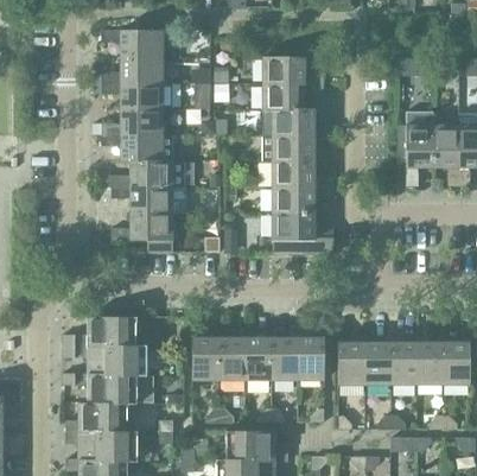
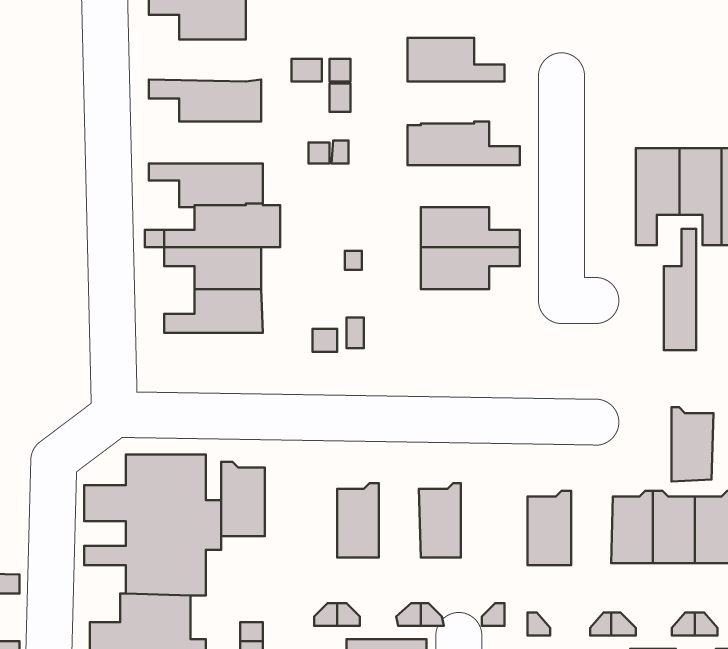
building: [102,57,163,83] -> none
building: [263,83,324,110] -> none
building: [102,108,163,134] -> none
building: [263,135,333,161] -> none
building: none -> [664,229,696,350]
building: [272,212,333,254] -> none
building: [192,334,220,380] -> [221,462,265,536]
building: [246,334,272,380] -> none
building: [297,334,324,380] -> none
building: [365,338,392,385] -> [672,407,713,482]

